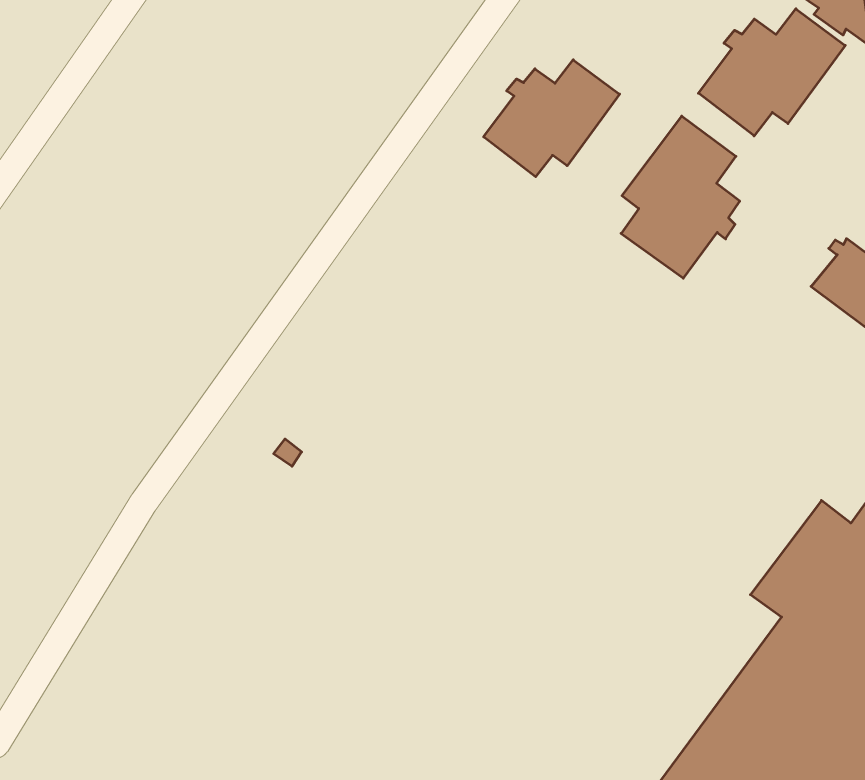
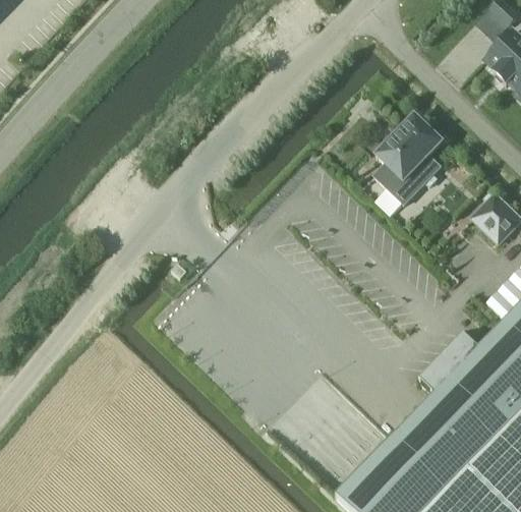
building: [698,9,845,136] -> none
building: [484,60,620,177] -> none

